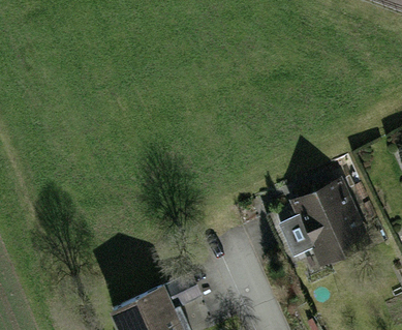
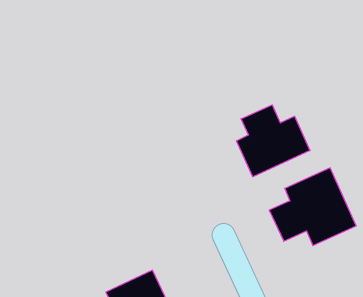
building: none -> [237,105,310,177]

